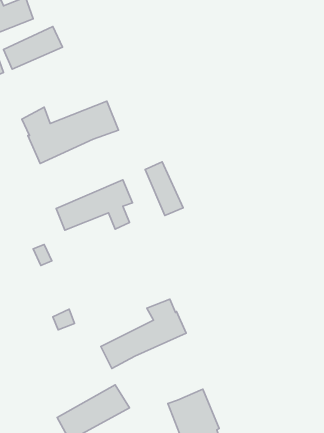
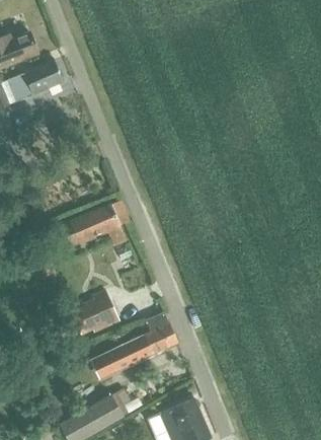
building: [22,101,118,163] -> none
building: [145,162,183,215] -> none
building: none -> [70,290,115,331]

